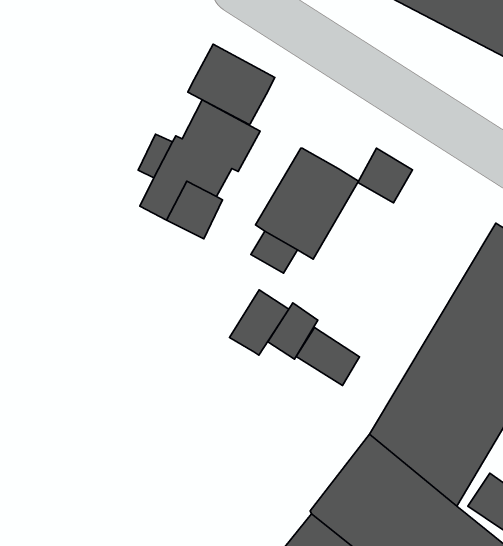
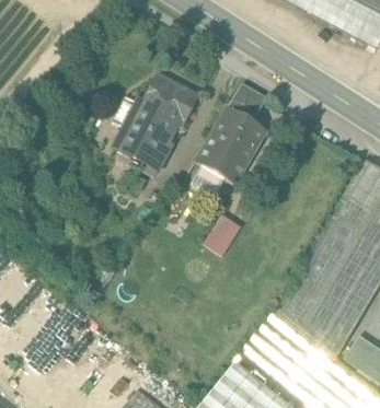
building: [188,44,275,124] -> none
building: [358,148,412,203] -> [228,83,266,121]
building: [230,290,289,355] -> none
building: [296,327,360,386] -> none

